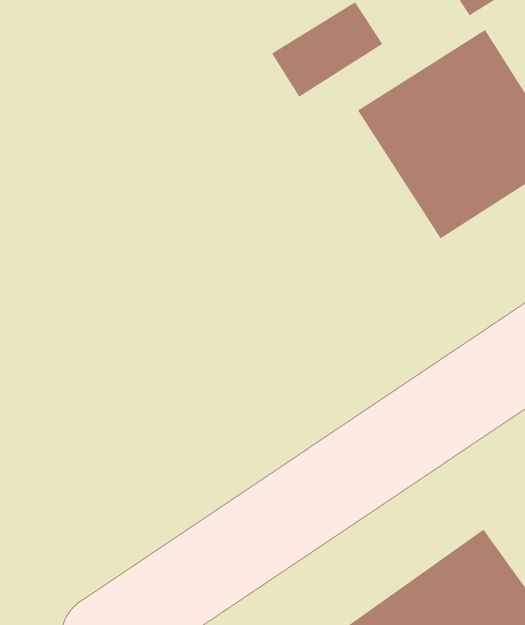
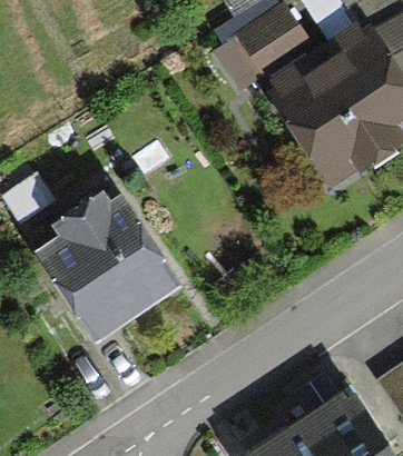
building: none -> [42,209,169,341]

